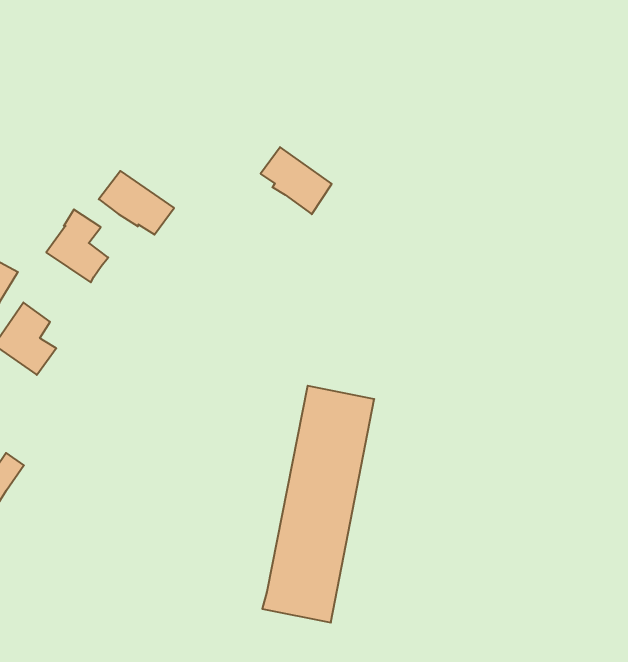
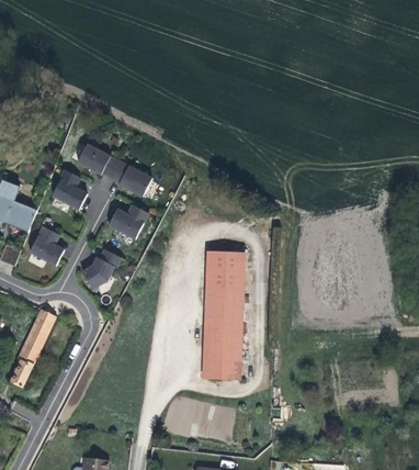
building: [261,147,332,214] -> [111,160,151,195]
building: none -> [109,204,148,238]
building: none -> [82,248,122,289]

